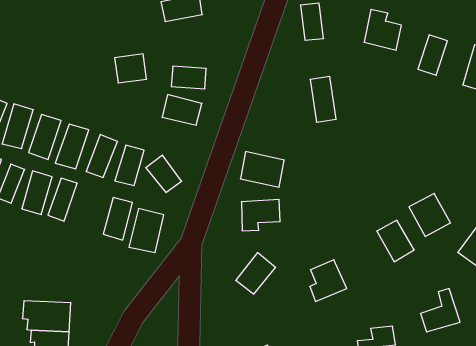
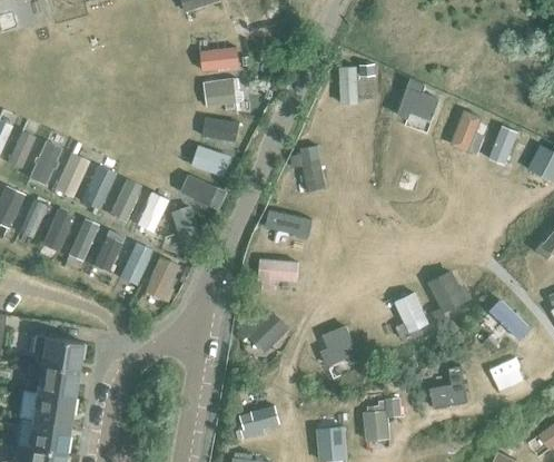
building: [115,54,147,83] -> [205,79,235,106]
building: [310,76,336,122] -> [301,147,324,191]
building: none -> [180,174,217,206]
building: none -> [95,230,123,272]

